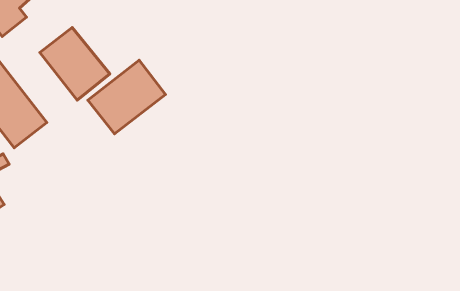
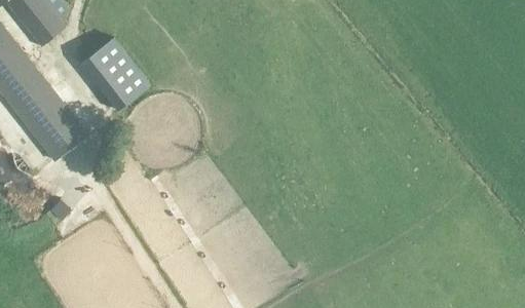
building: [88,60,165,134] -> none

